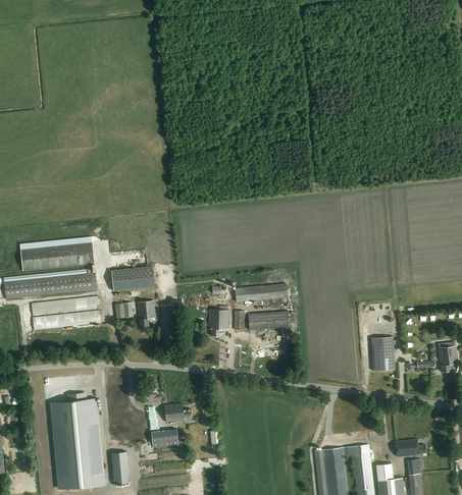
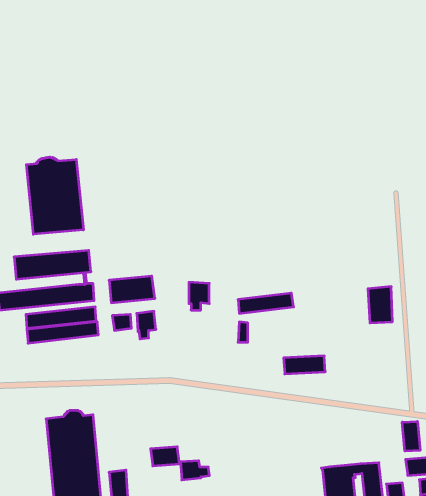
building: none -> [26,157,83,234]
building: [209,309,228,335] -> [189,282,209,310]
building: [249,312,289,329] -> [284,356,325,374]
building: [371,336,395,371] -> [368,287,392,323]
building: [164,403,192,422] -> [181,461,209,480]
building: none -> [402,421,420,451]

